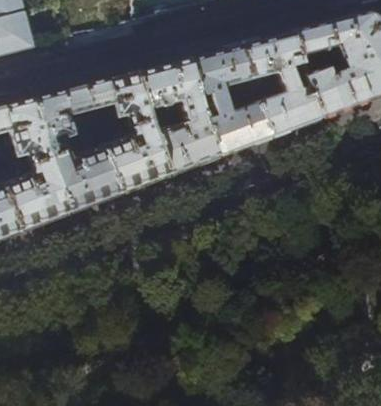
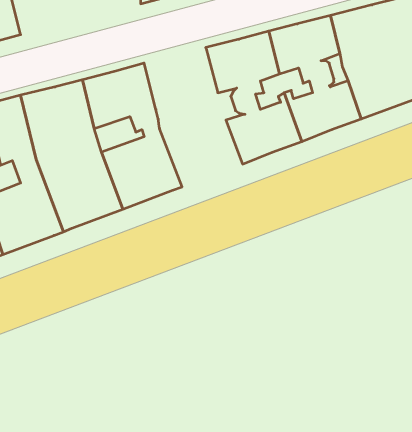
building: [137,58,220,175] -> none

